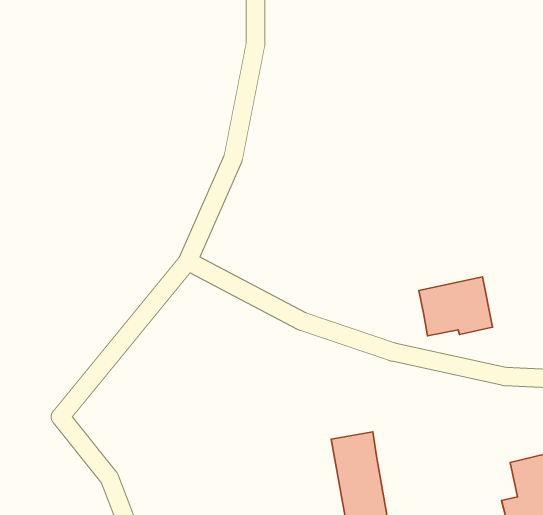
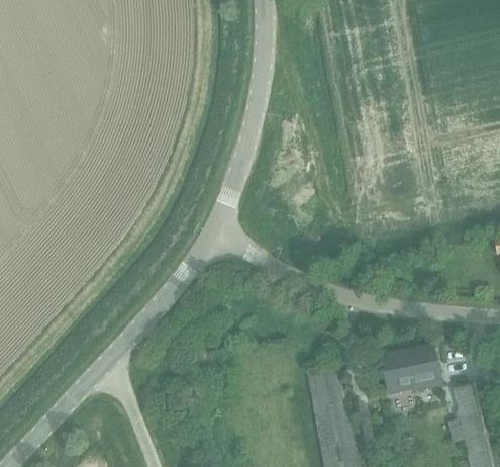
building: [419,277,492,336] -> [380,344,440,392]

